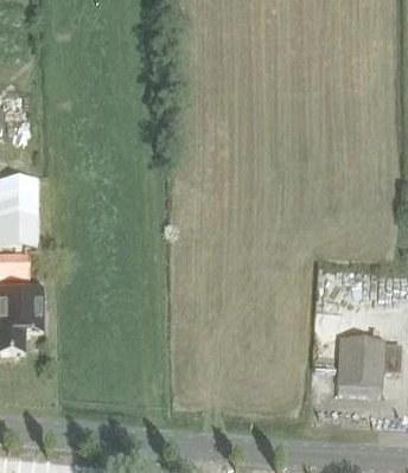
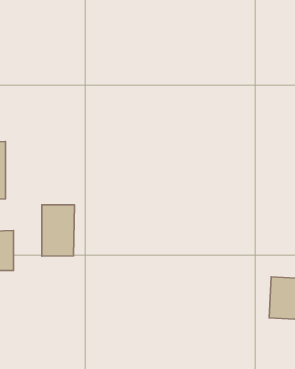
building: none -> [42,205,74,256]

